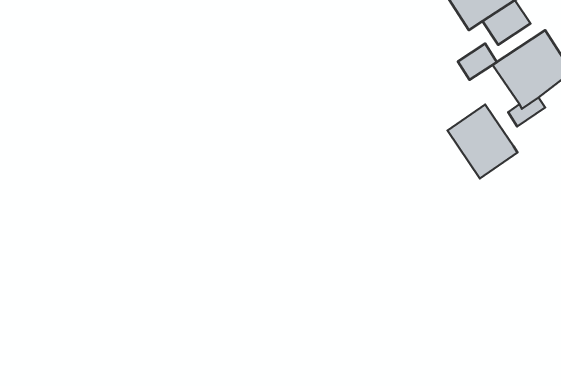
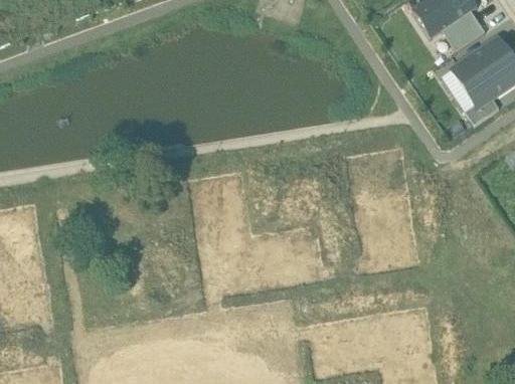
building: [458,43,497,80] -> none
building: [447,105,518,179] -> none

